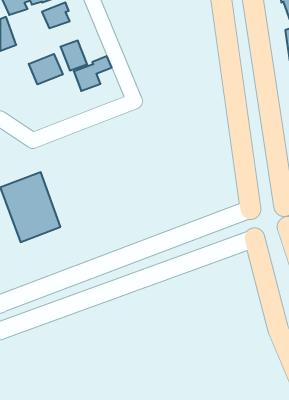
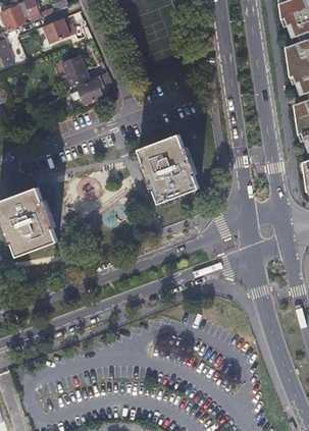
building: [29,54,63,84] -> none
building: none -> [141,134,205,205]

